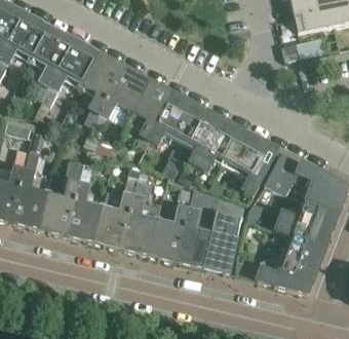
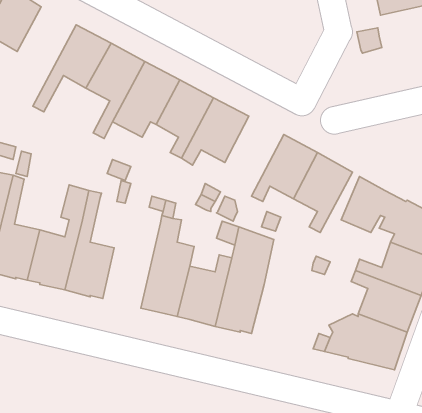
building: [32,27,75,100] -> none
building: [184,107,227,165] -> none
building: [94,182,137,248] -> none
building: [203,197,244,272] -> none

